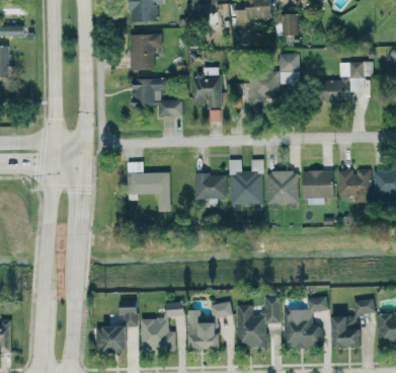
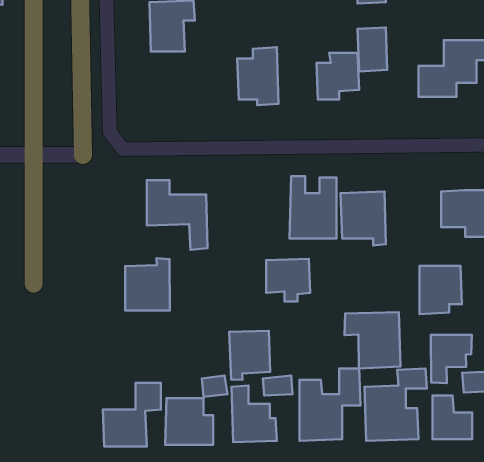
building: [133,78,182,116] -> none
building: [304,170,334,205] -> [419,266,462,314]
building: [195,173,227,204] -> [266,259,310,301]
building: none -> [125,258,170,311]
building: none -> [345,312,400,369]
building: none -> [229,331,270,380]
building: none -> [431,335,472,383]

